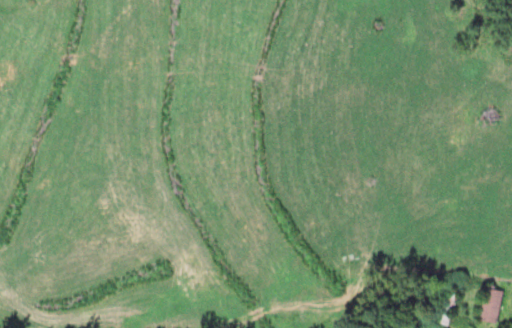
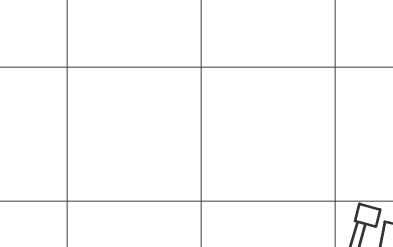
building: none -> [355,204,380,227]

